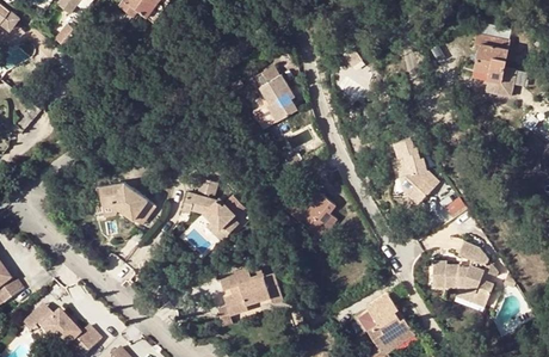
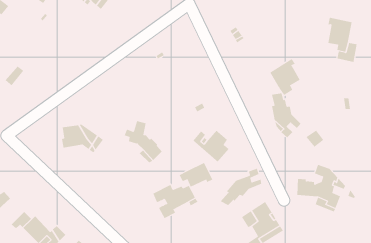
building: [249,74,294,128] -> none
building: none -> [269,58,300,96]
building: none -> [179,162,213,188]
building: none -> [220,168,262,206]

